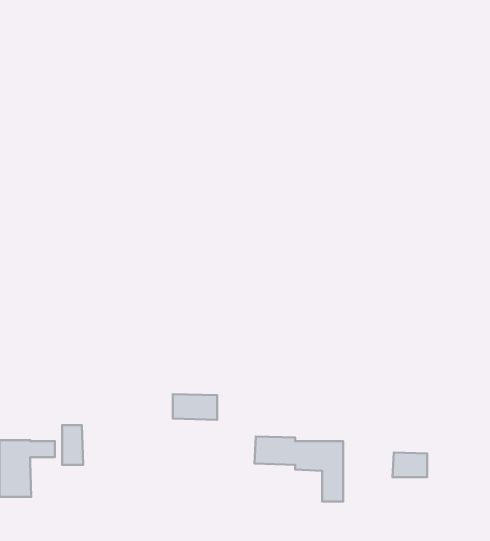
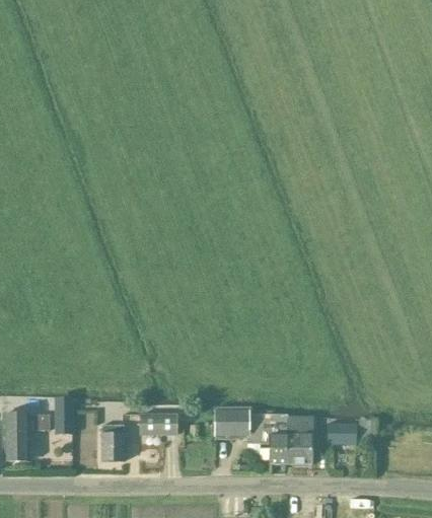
building: [173,394,217,420] -> [139,413,175,434]
building: none -> [287,416,312,463]
building: none -> [101,424,125,460]

